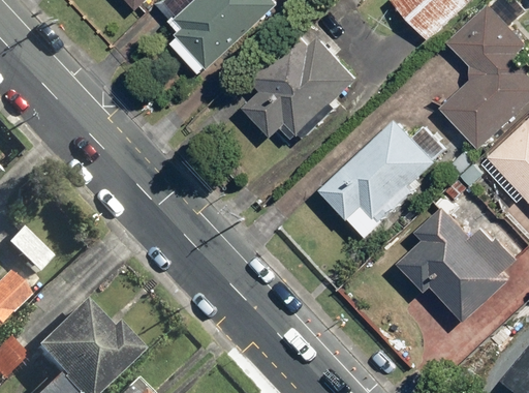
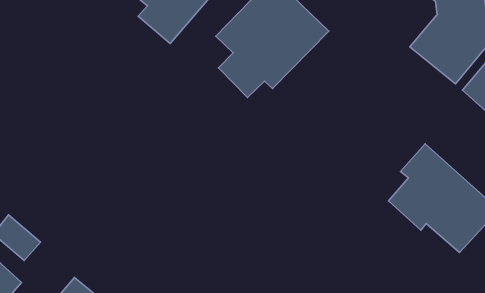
building: [322,120,438,223] -> none

